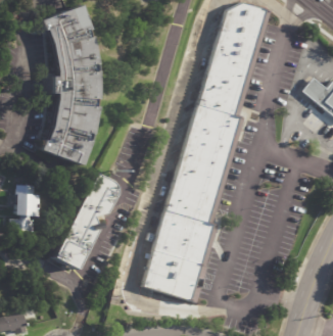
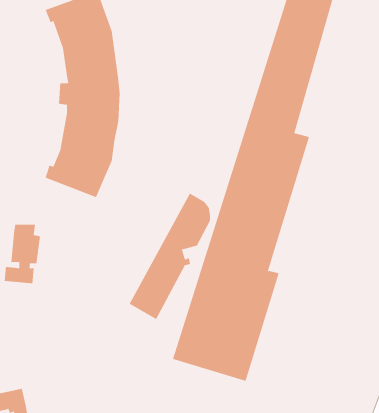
building: [54,174,117,272] -> [129,193,211,320]

